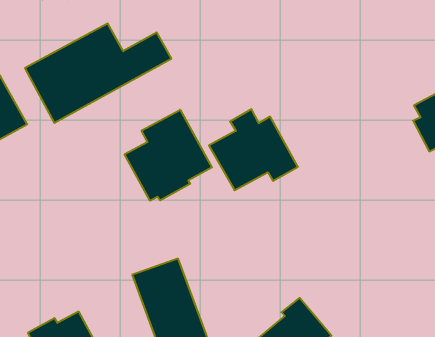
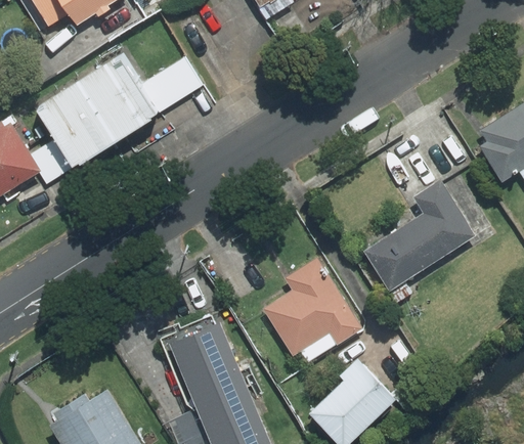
building: [209,109,298,190] -> [261,264,363,357]
building: [125,110,212,201] -> none
building: none -> [362,180,475,290]

